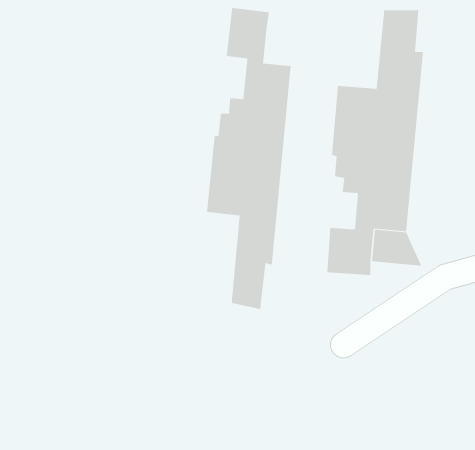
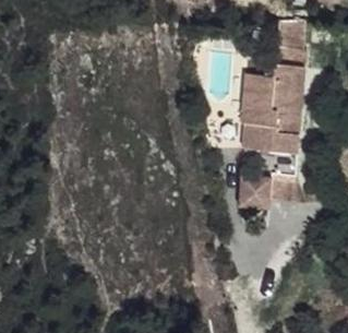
building: [206,7,291,310] -> none

